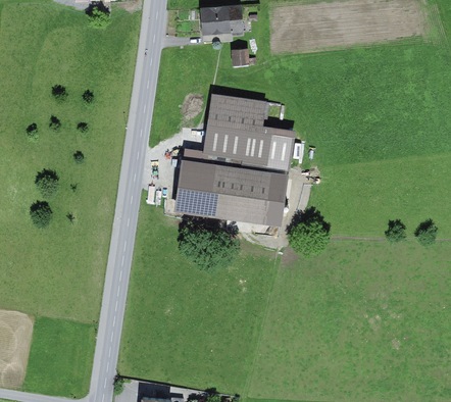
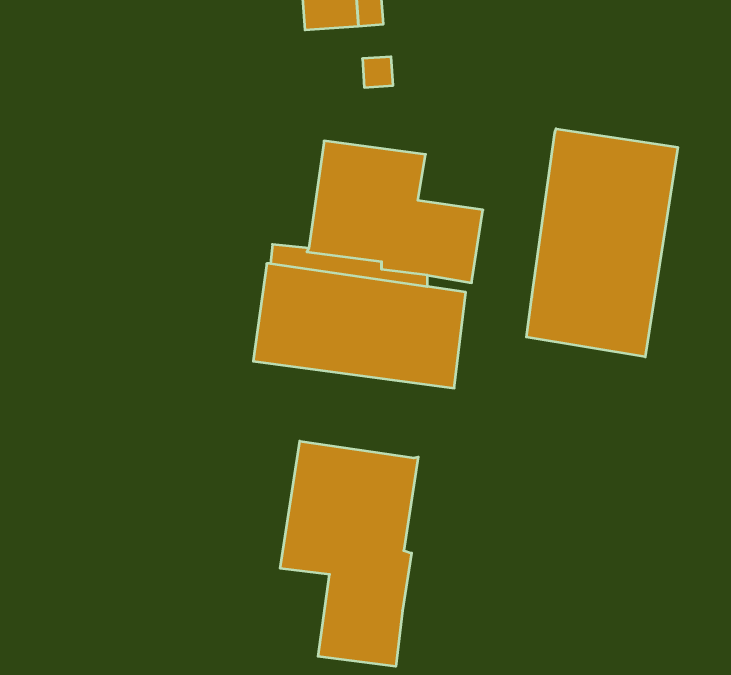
building: none -> [526,129,678,357]
building: none -> [280,441,418,666]

